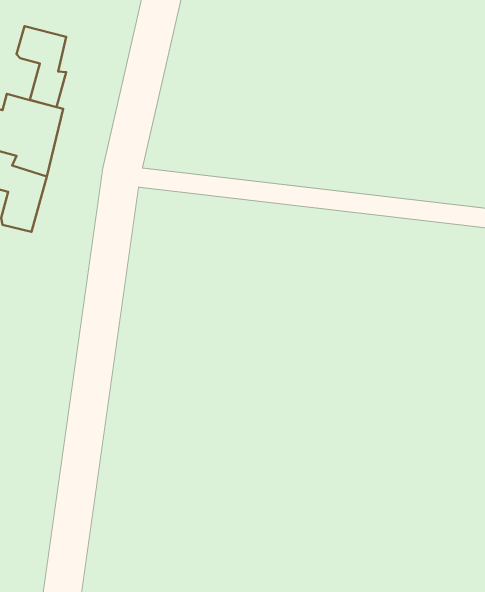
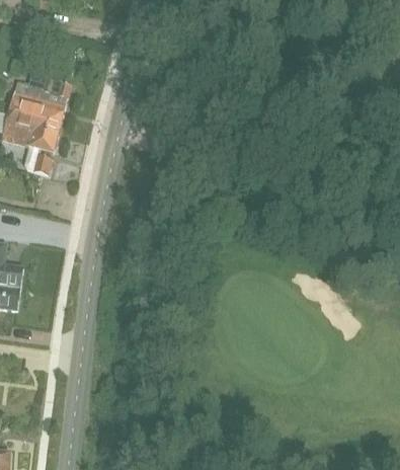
building: [16,26,66,107] -> none

